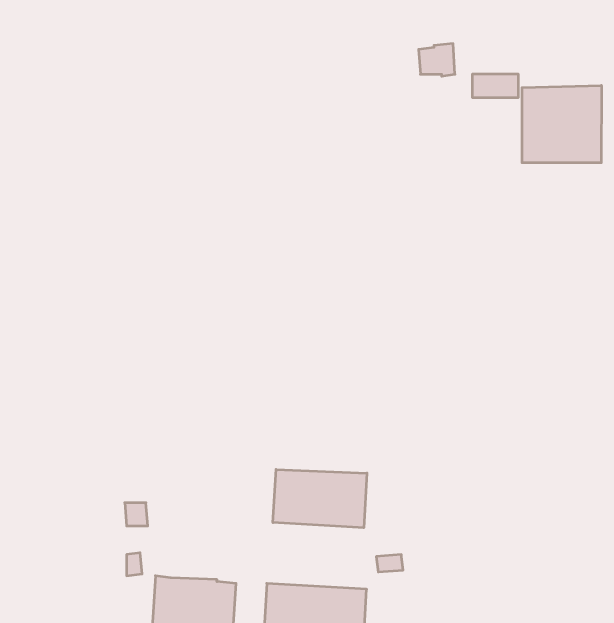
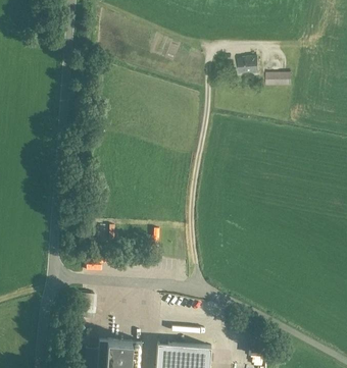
building: [522,85,601,163] -> none
building: [273,469,367,528] -> none

